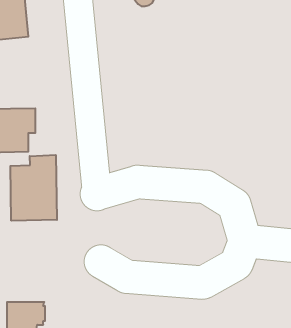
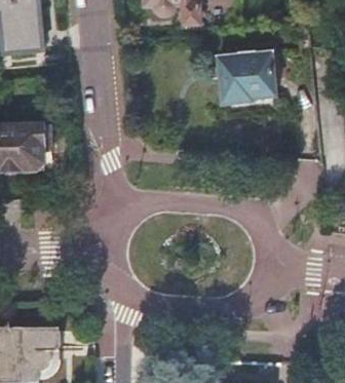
building: none -> [218,50,275,103]
building: [10,155,57,221] -> none

